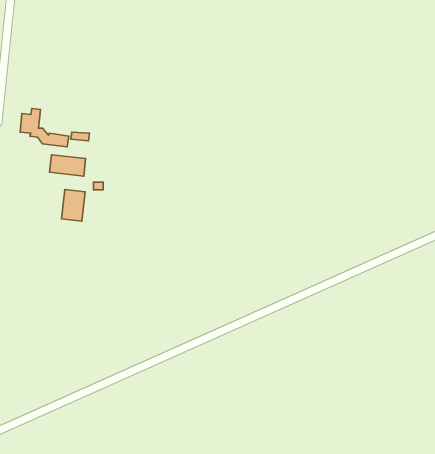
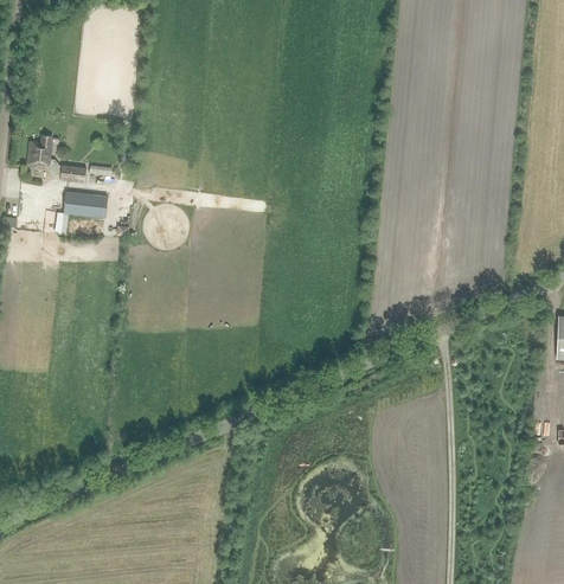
building: [61,190,85,221] -> none

